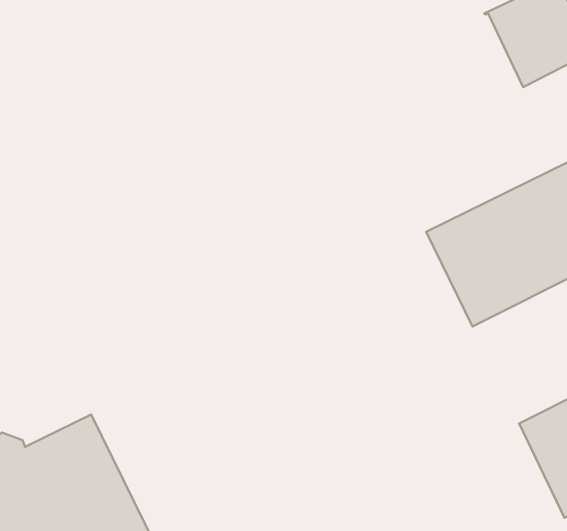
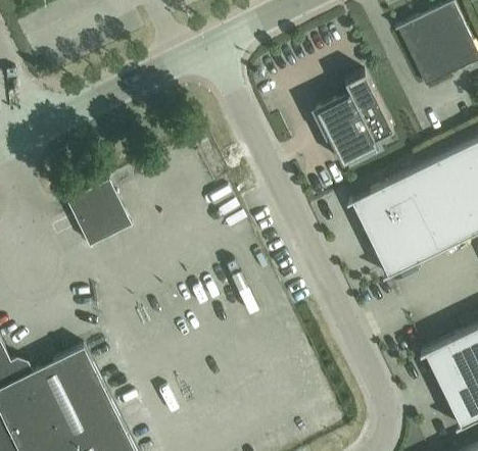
building: none -> [316,74,393,165]
building: none -> [67,181,132,247]

